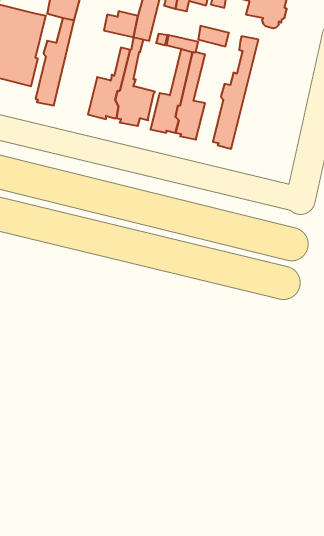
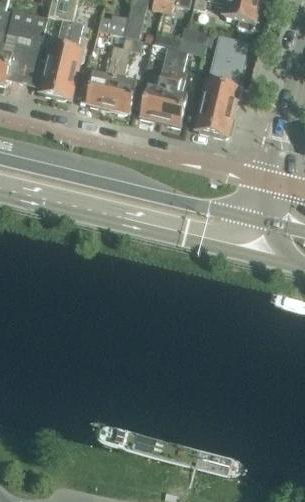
building: none -> [54,20,85,99]
building: none -> [210,37,248,136]

